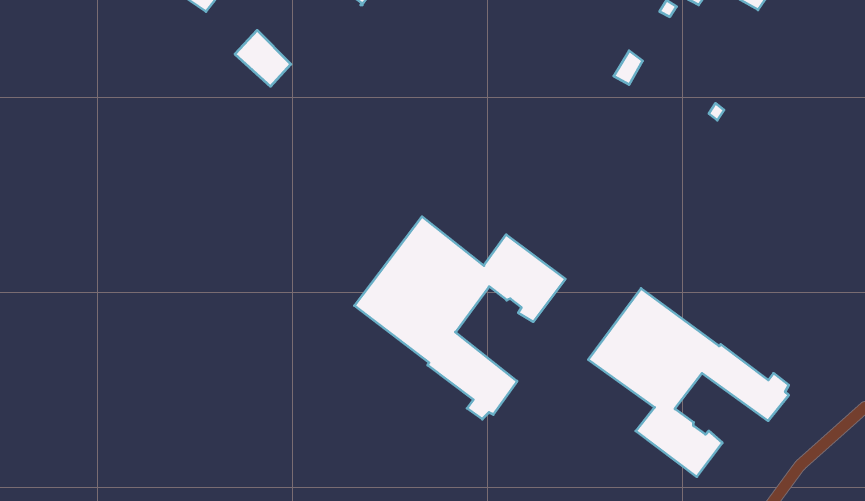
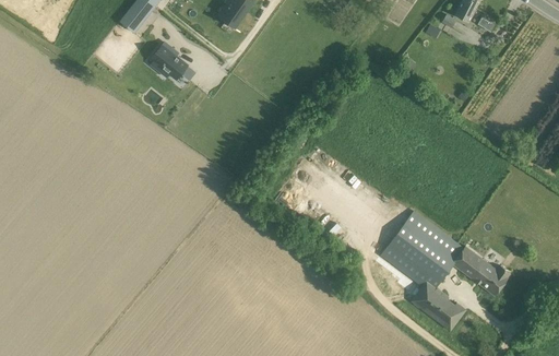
building: [354,217,565,419] -> none

